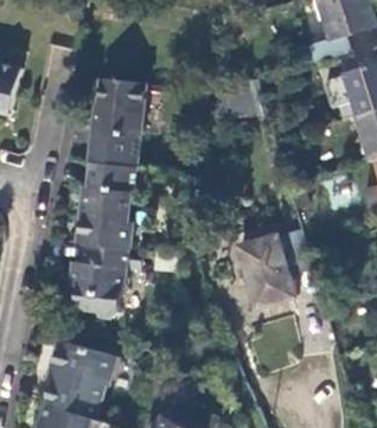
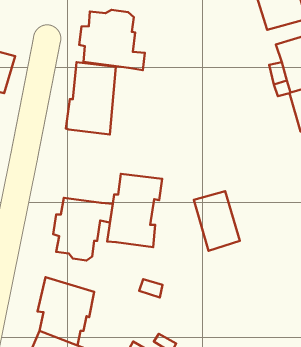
building: none -> [79,10,145,70]
building: [71,159,138,248] -> [107,174,162,247]

